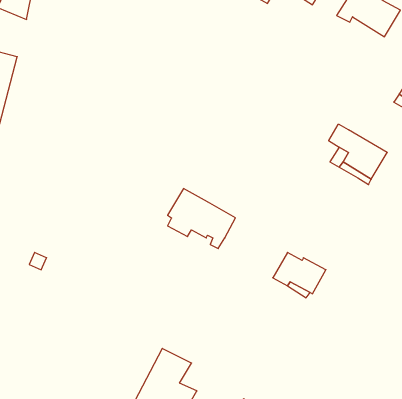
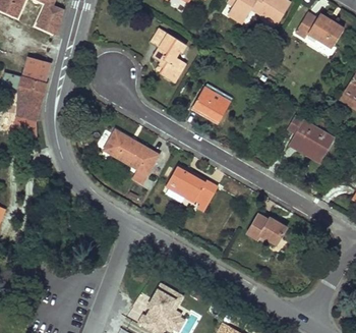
building: none -> [151,27,185,81]
building: none -> [192,86,230,122]
building: none -> [103,129,159,174]

